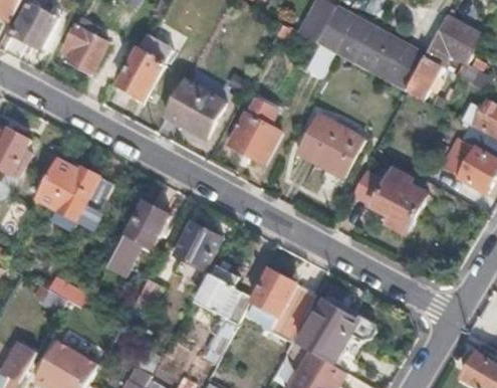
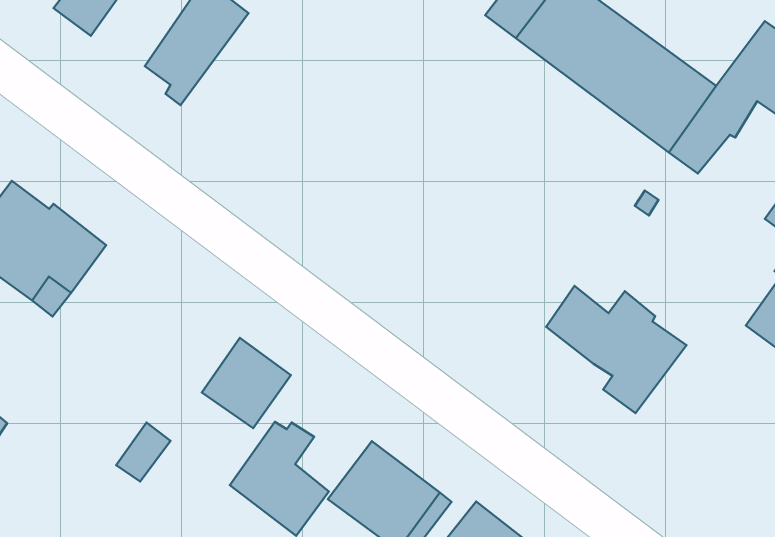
building: [163,79,224,138] -> none
building: [231,96,280,163] -> none
building: [295,115,364,186] -> none
building: [108,202,168,275] -> none

